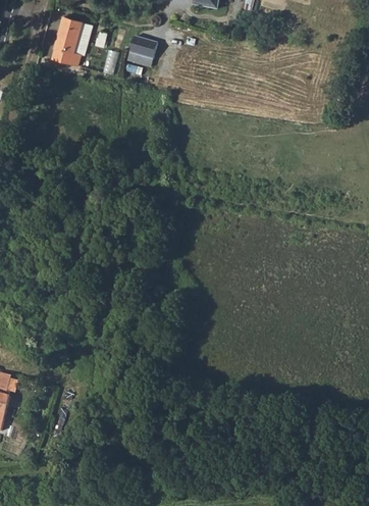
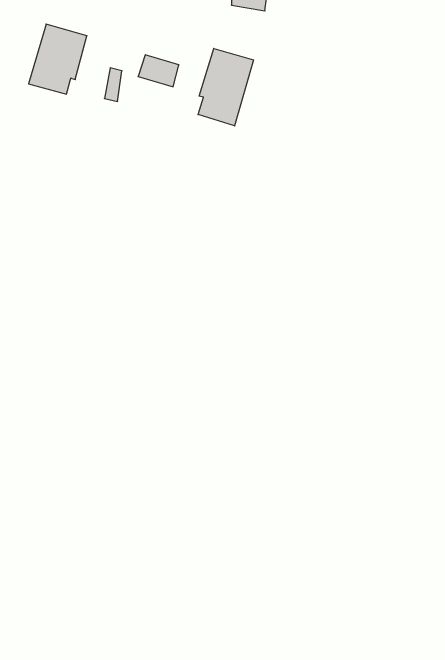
building: none -> [198,48,253,126]

